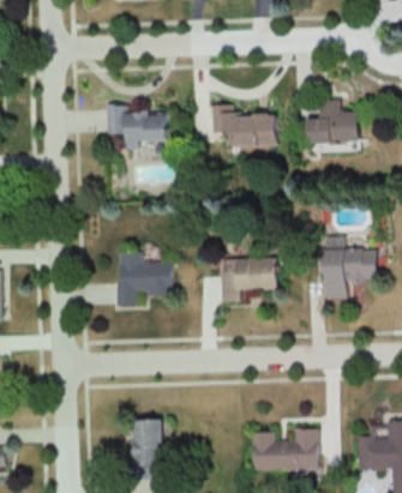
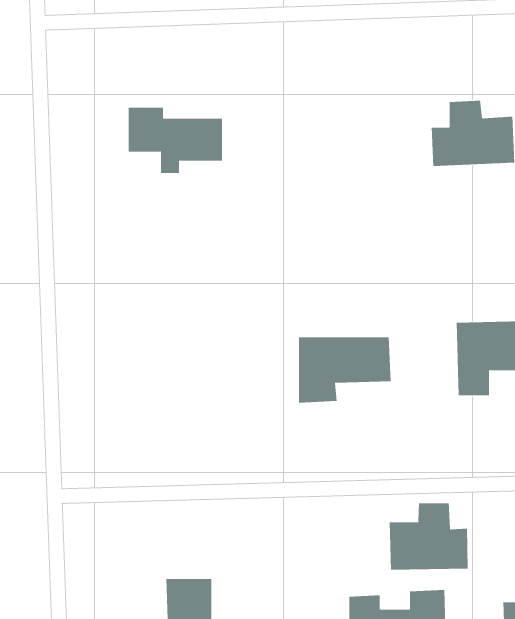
building: [210,106,280,148] -> none
building: [115,252,170,306] -> none
building: none -> [389,503,468,570]

